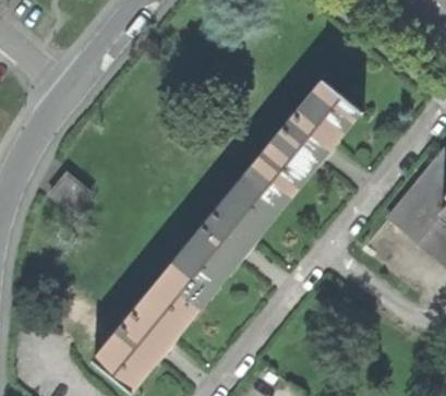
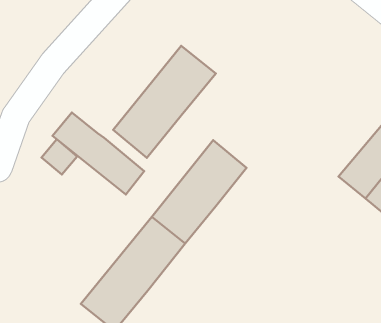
building: [244,77,361,205] -> [113,46,216,158]
building: none -> [52,112,144,194]

